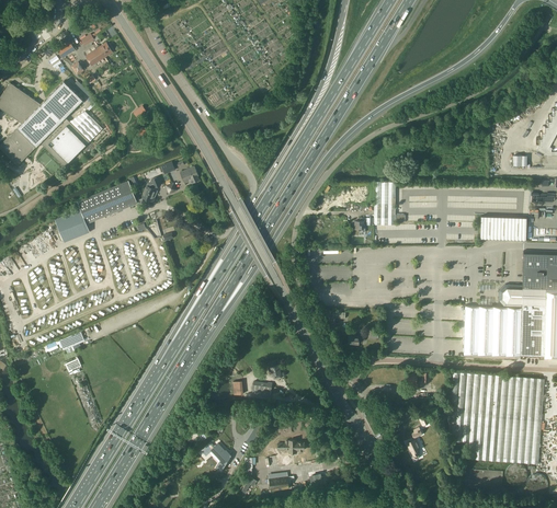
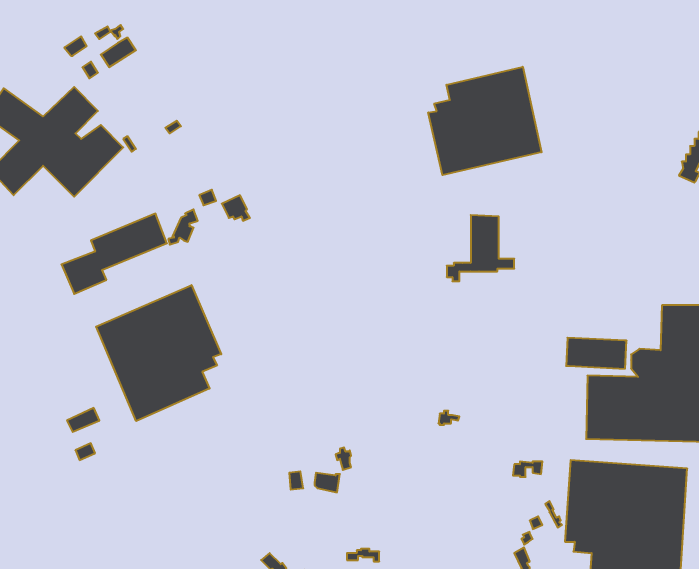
building: none -> [428,67,542,175]
building: [480,216,527,240] -> [566,338,627,369]
building: none -> [96,285,221,421]

